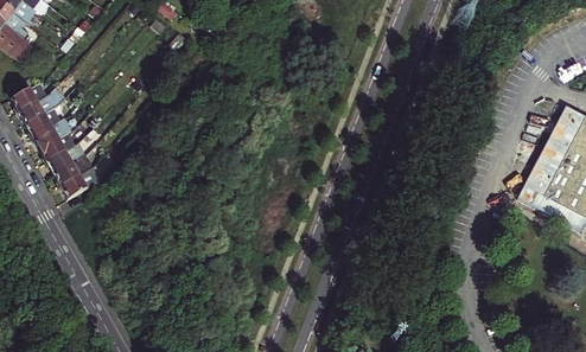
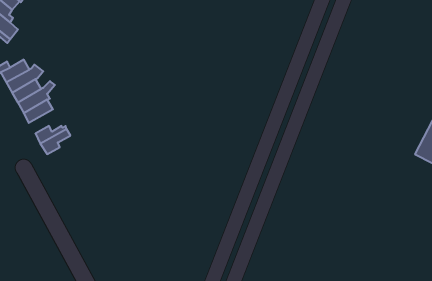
building: [46,132,91,172] -> none

